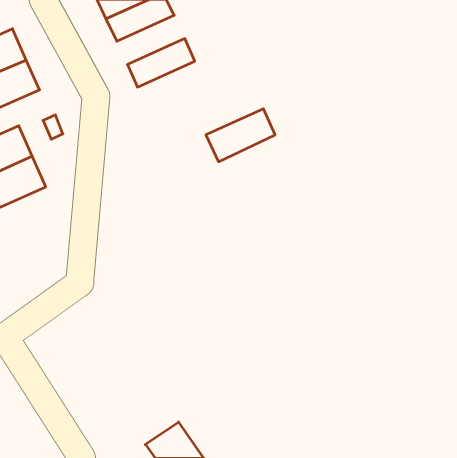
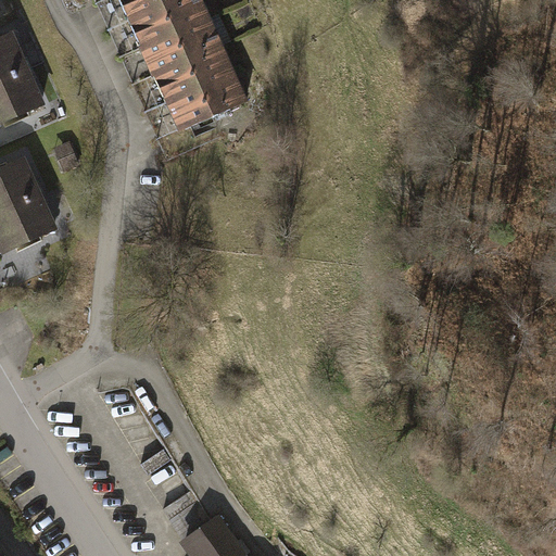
building: none -> [141,18,224,78]
building: [206,109,275,162] -> [166,74,250,138]

